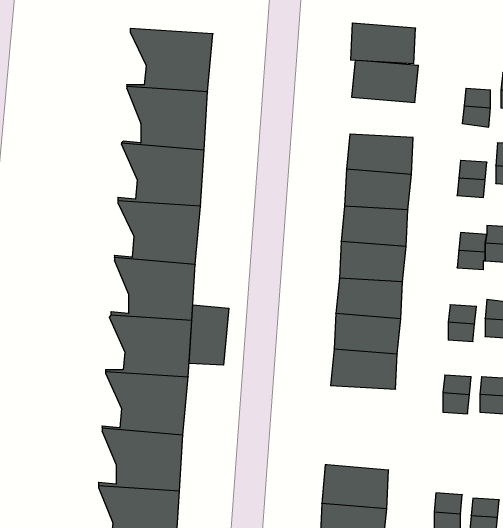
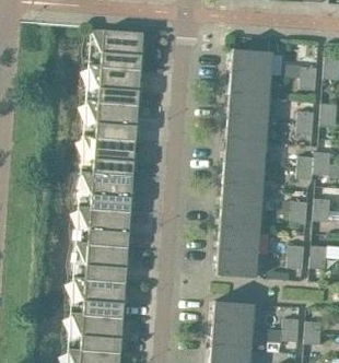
building: [351,23,416,63] -> [229,72,269,97]
building: [189,305,229,365] -> none
building: none -> [215,251,257,278]

